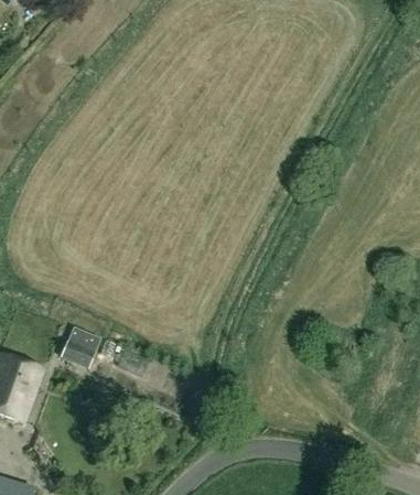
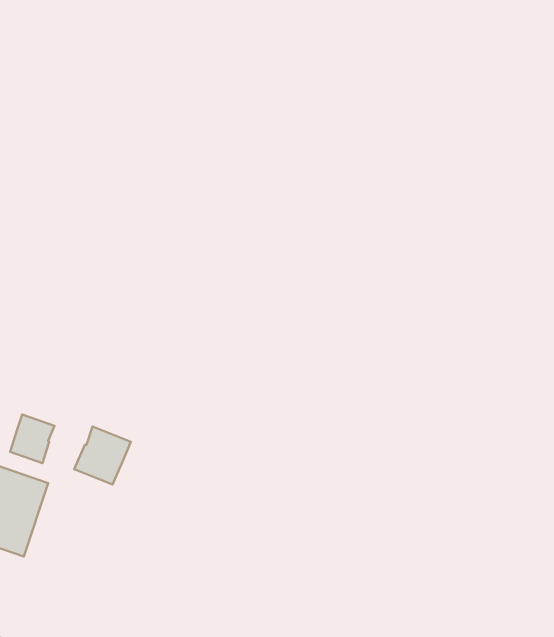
building: none -> [10,415,54,463]

